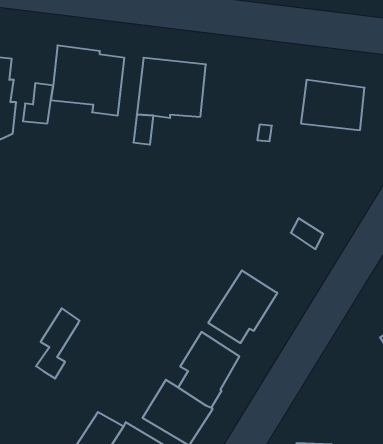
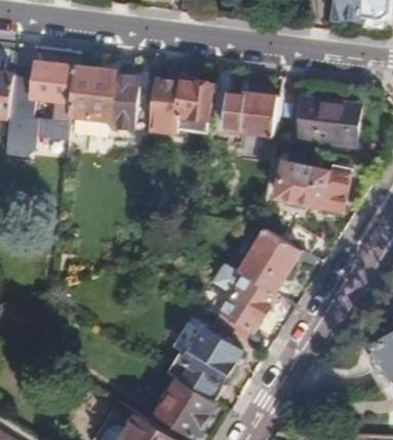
building: none -> [31,63,75,104]
building: none -> [209,68,277,133]
building: none -> [279,160,351,208]
building: none -> [241,229,302,293]
building: [36,308,80,379] -> [168,317,208,382]

